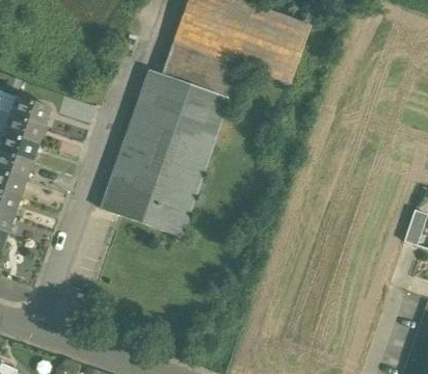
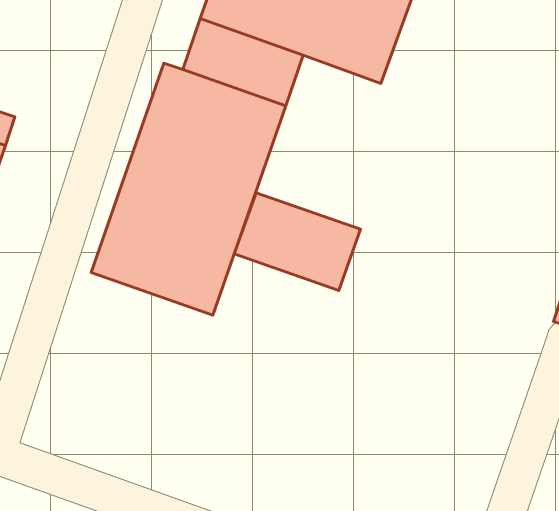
building: none -> [234,193,361,290]

